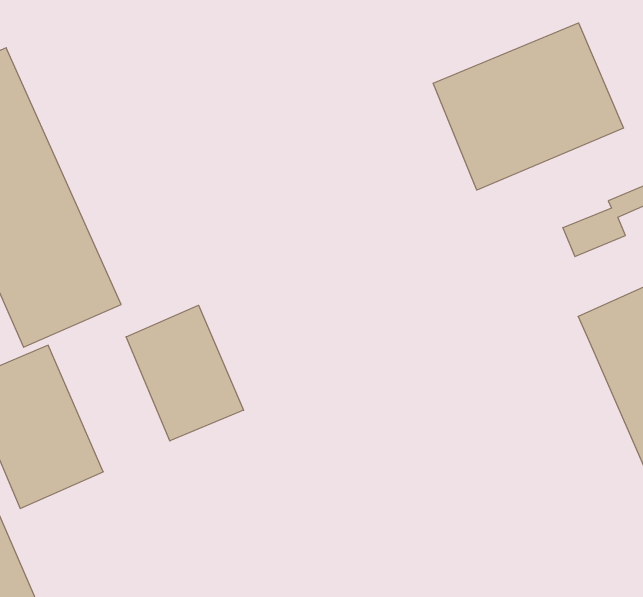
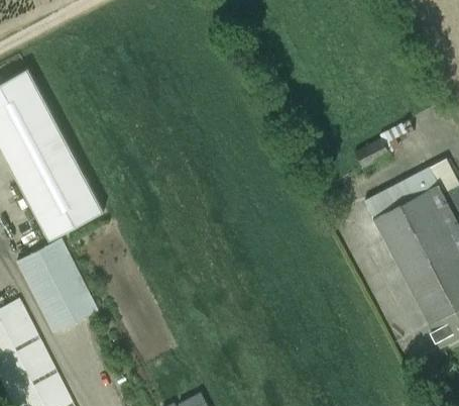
building: [433,23,624,190] -> none
building: [126,305,244,441] -> none

